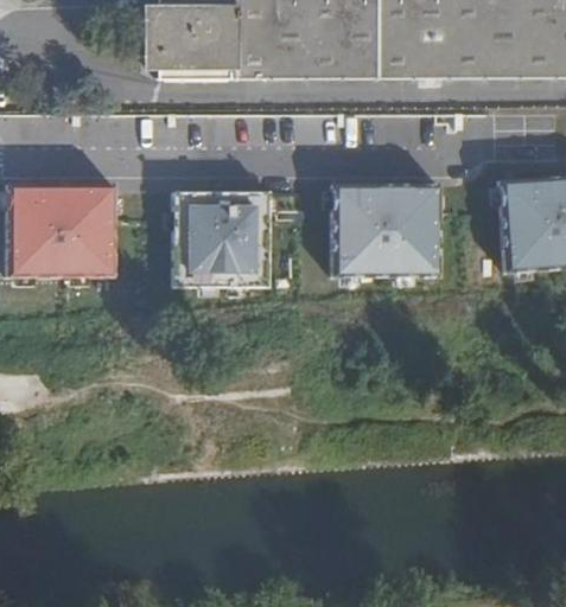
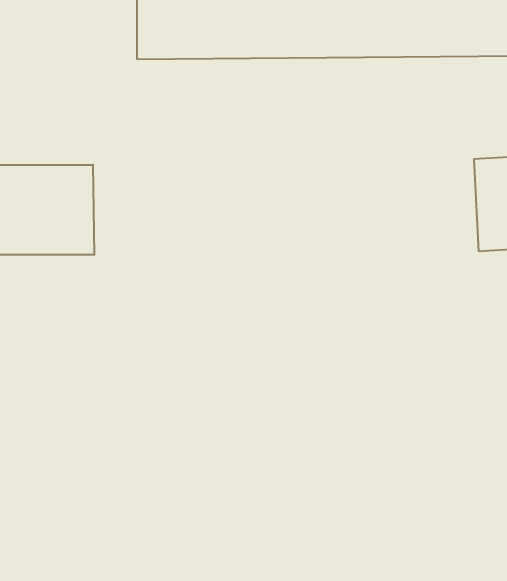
building: [329,181,439,276] -> none
building: [174,189,268,287] -> none

